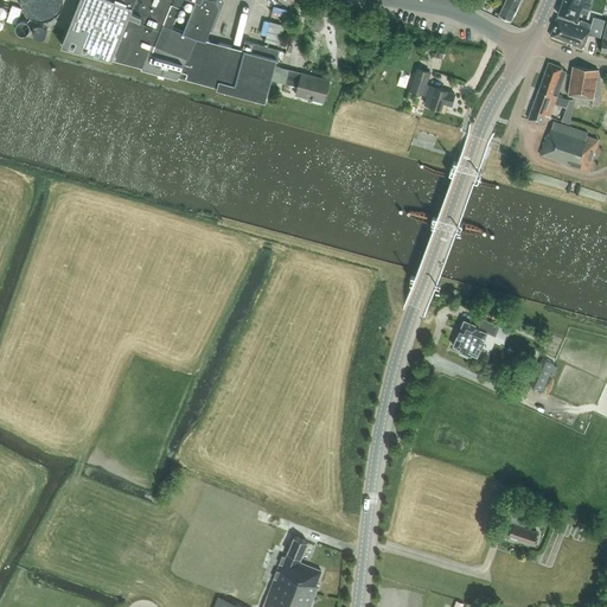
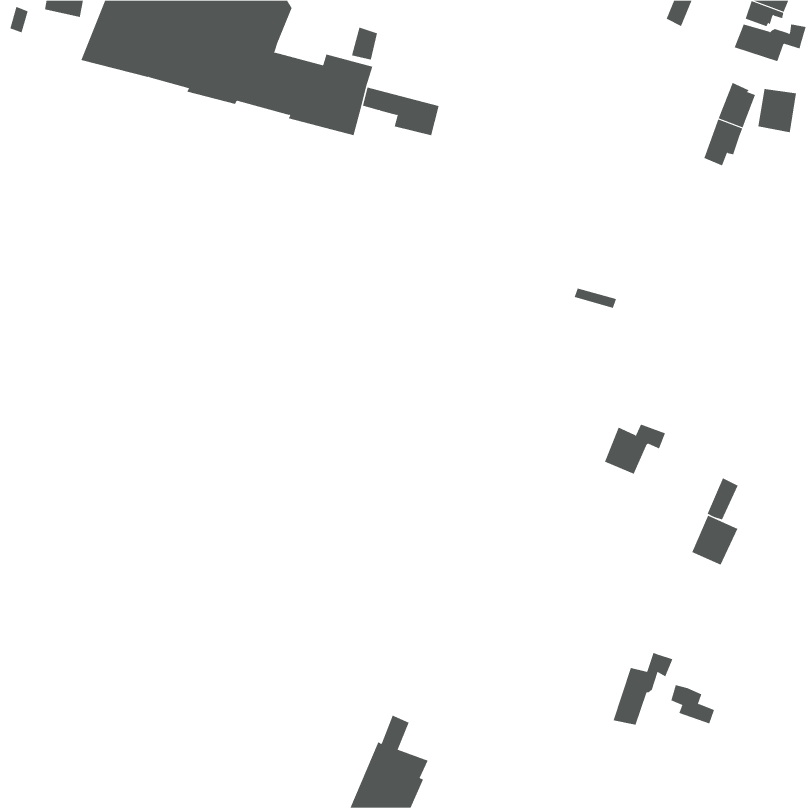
building: [410,68,454,109] -> none
building: [539,122,598,172] -> none
building: none -> [692,515,738,566]
building: none -> [613,652,673,726]

